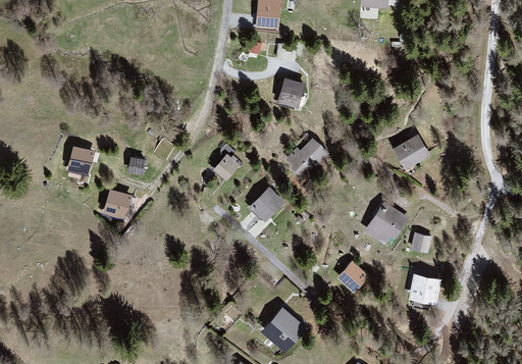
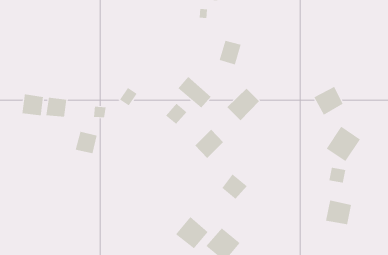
building: none -> [177,76,211,109]
building: none -> [22,94,43,116]
building: [364,202,407,246] -> [326,126,361,162]
building: [337,260,369,292] -> [221,173,247,199]
building: none -> [175,216,208,249]

